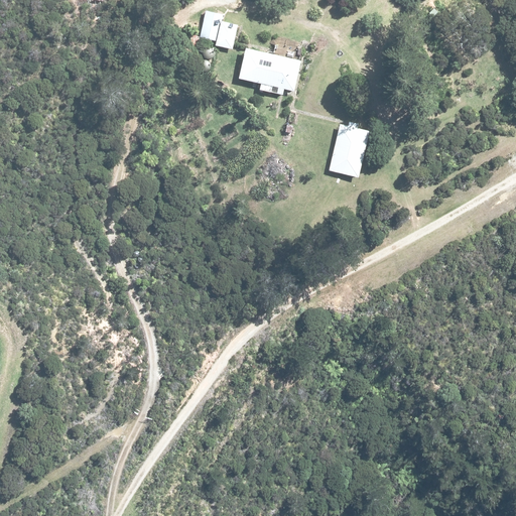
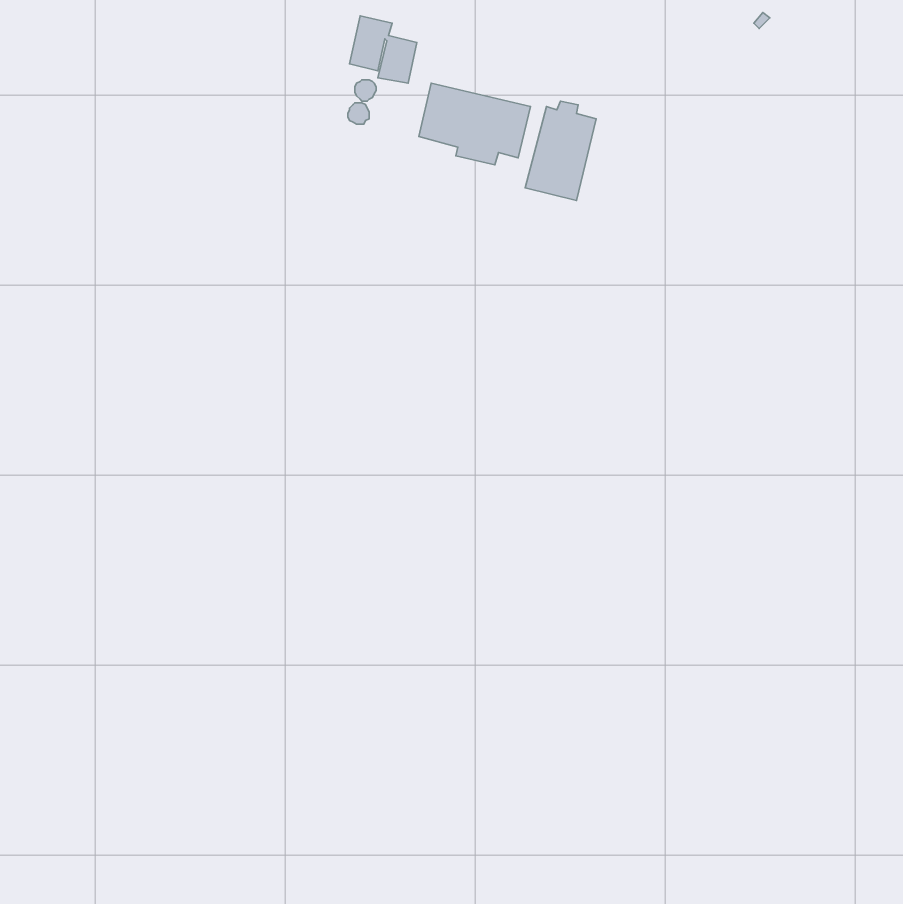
building: [329,121,369,177] -> [525,101,596,200]

